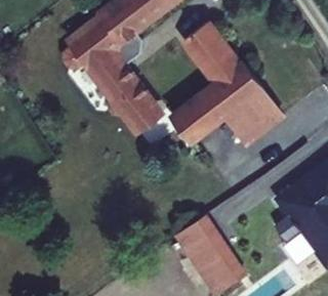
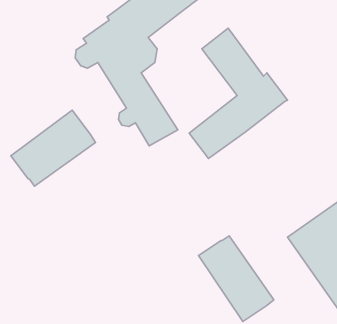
building: [220,91,277,149] -> none
building: none -> [11,110,95,186]

